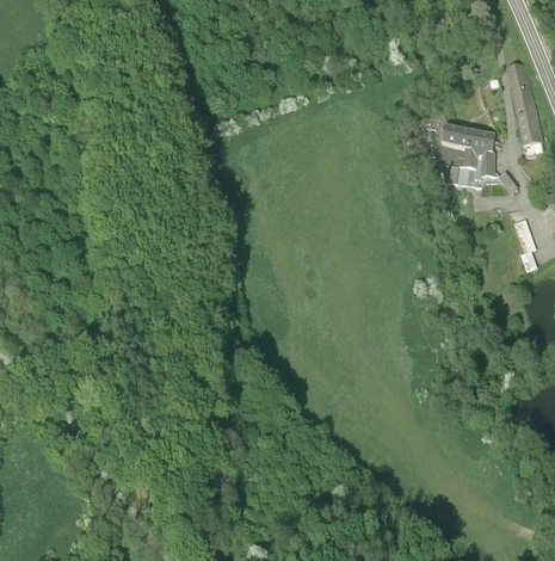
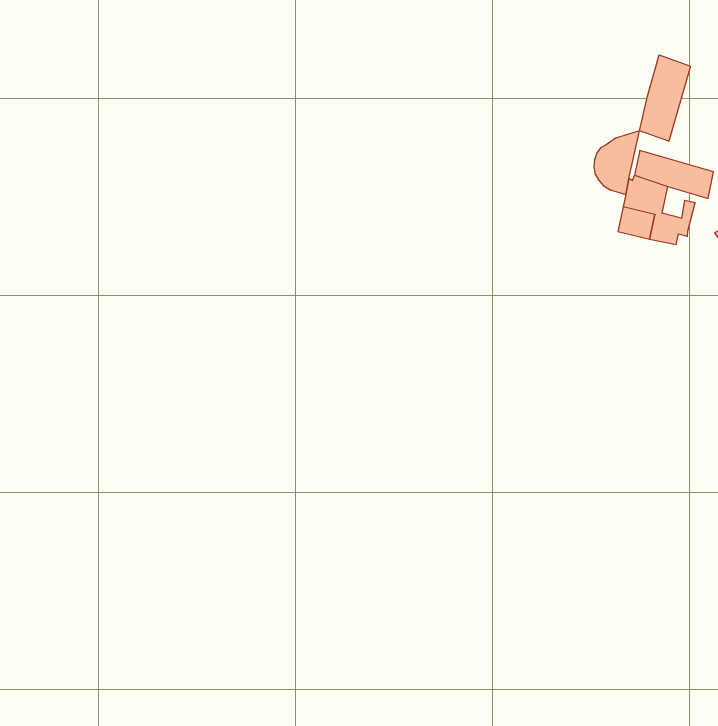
building: none -> [639,55,690,141]
building: [464,146,495,174] -> none

